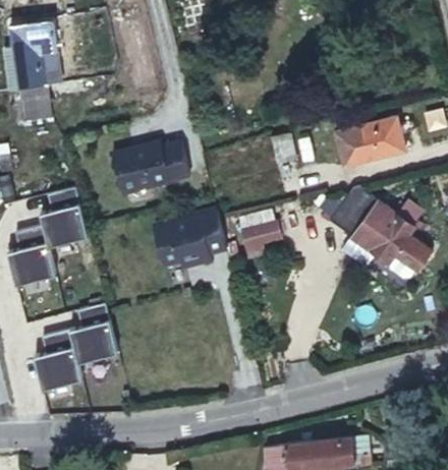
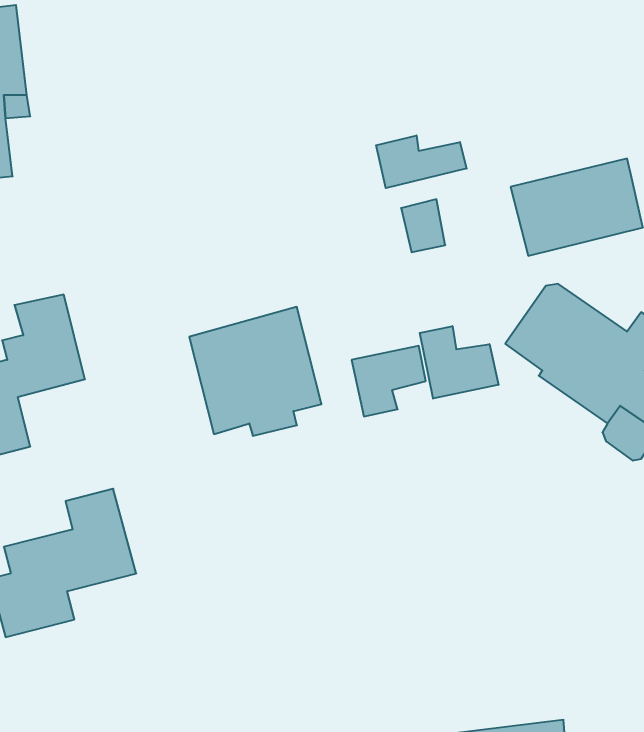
building: none -> [376,135,467,188]
building: [107,142,184,192] -> none
building: none -> [420,326,498,399]

